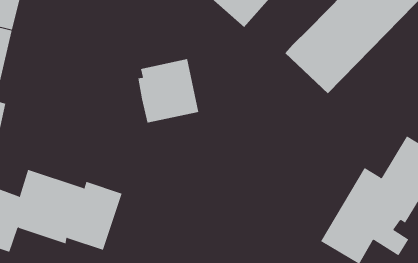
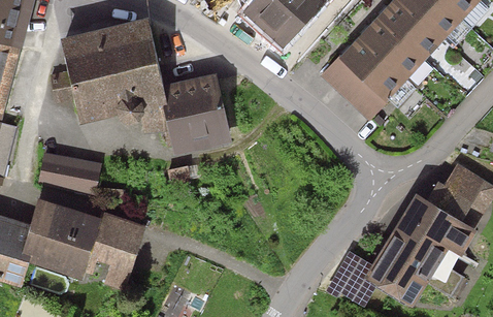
building: none -> [50,26,166,126]
building: none -> [35,152,99,194]

